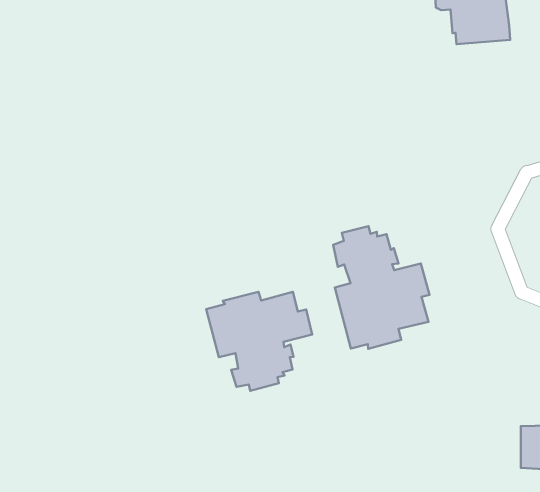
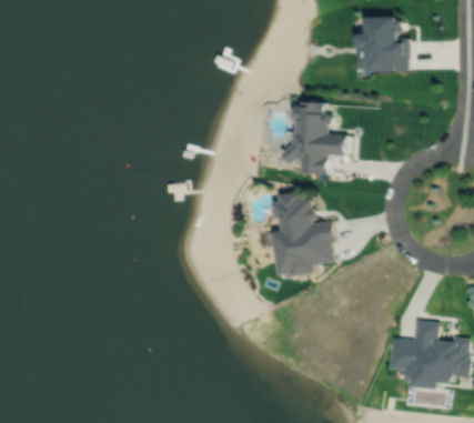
building: none -> [283,99,349,174]
building: [206,292,312,391] -> none

